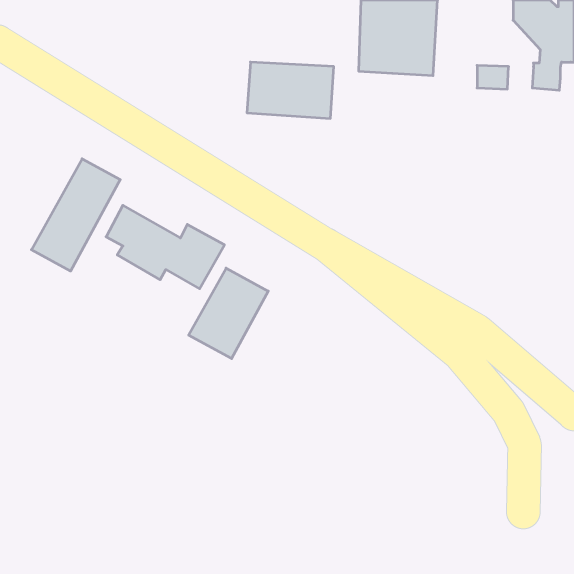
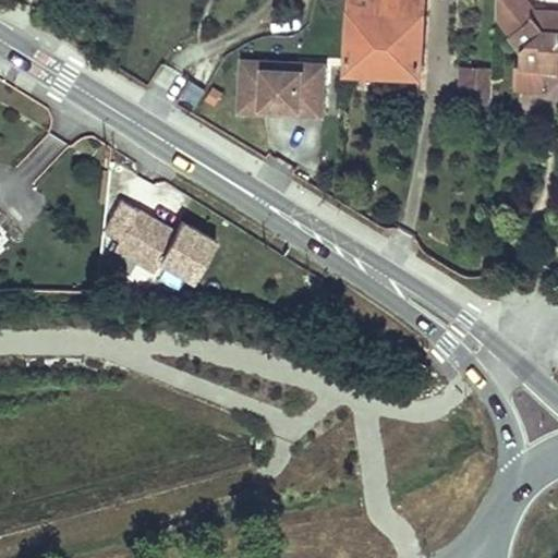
building: [31,159,120,271] -> none
building: [189,268,268,359] -> none

